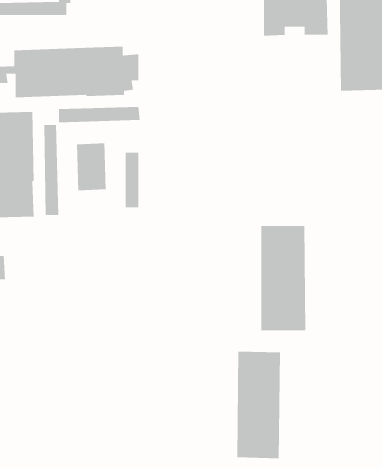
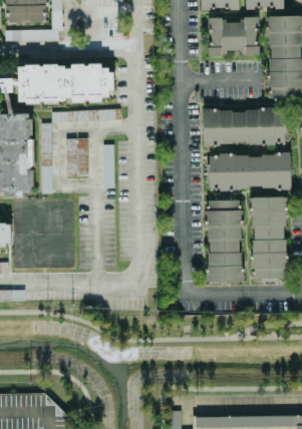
building: none -> [203,108,285,144]
building: none -> [209,152,291,190]
building: [236,351,281,459] -> [251,196,285,280]

